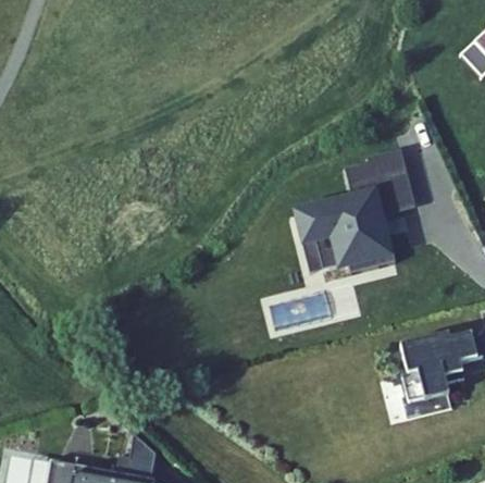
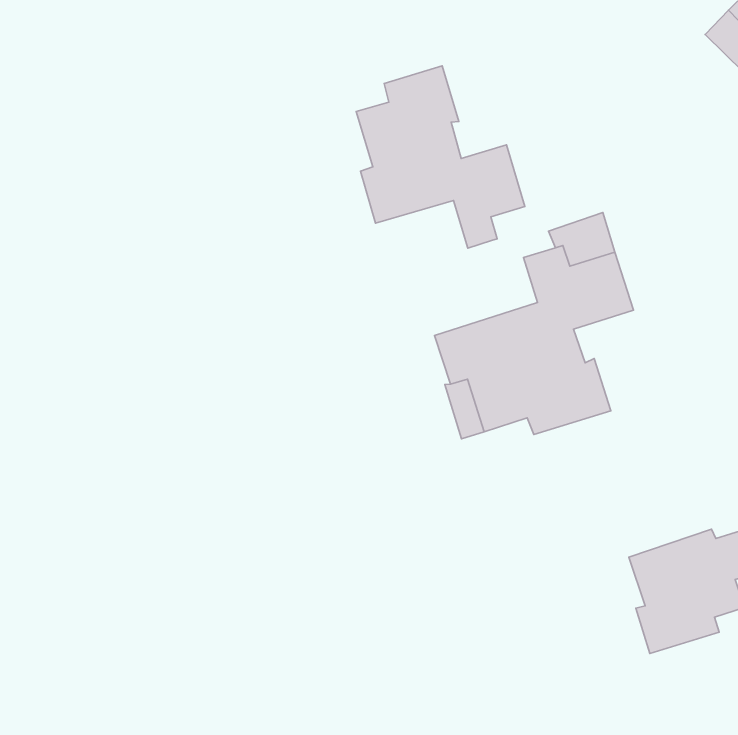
building: none -> [356,66,525,248]

